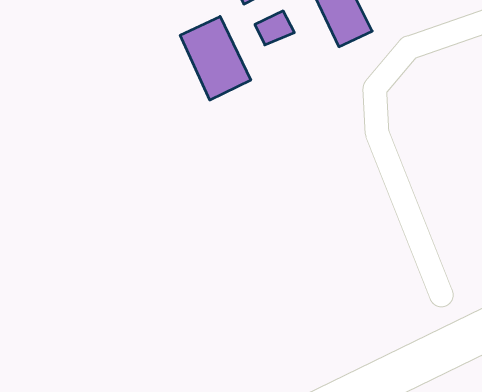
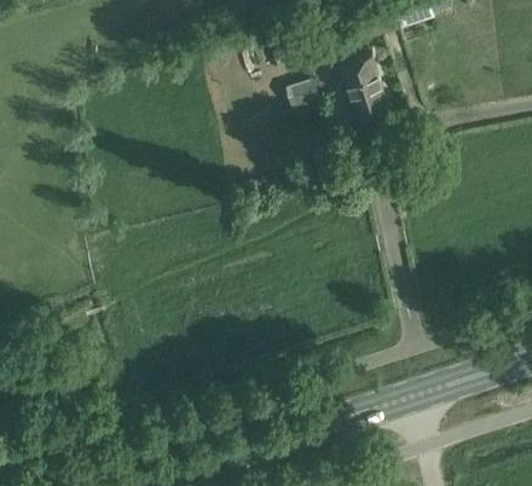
building: [180,16,251,100] -> none

